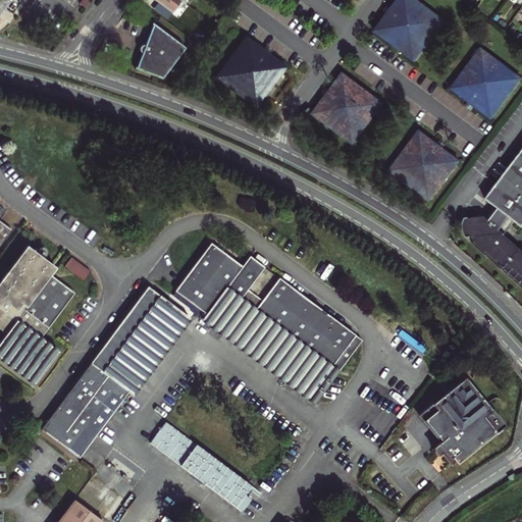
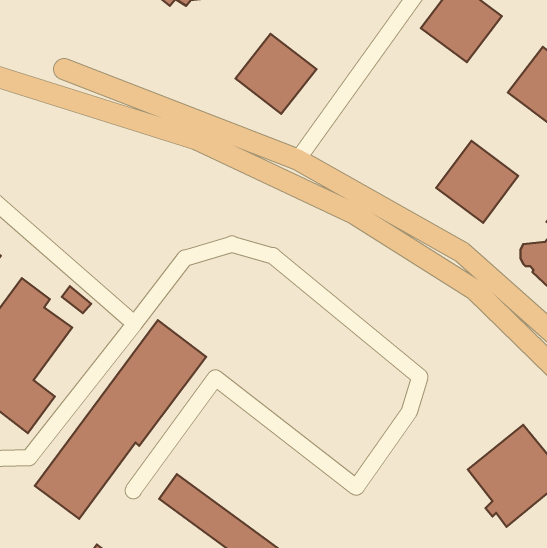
building: [138,24,185,77] -> none
building: [314,73,384,143] -> none
building: [174,243,362,404] -> none

